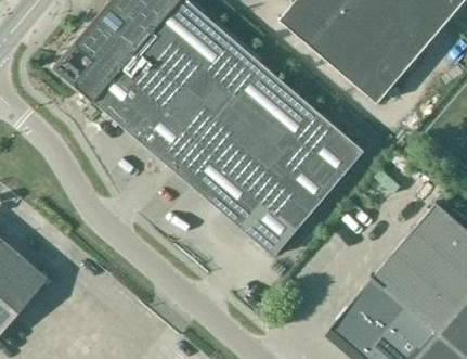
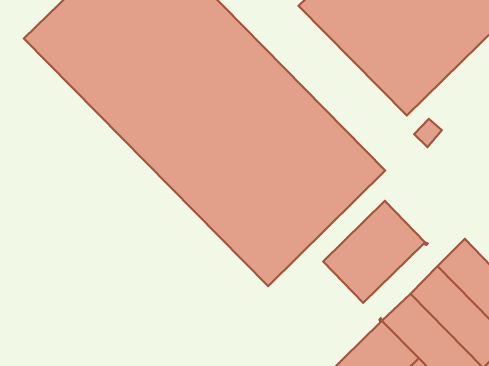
building: none -> [323,201,428,303]

